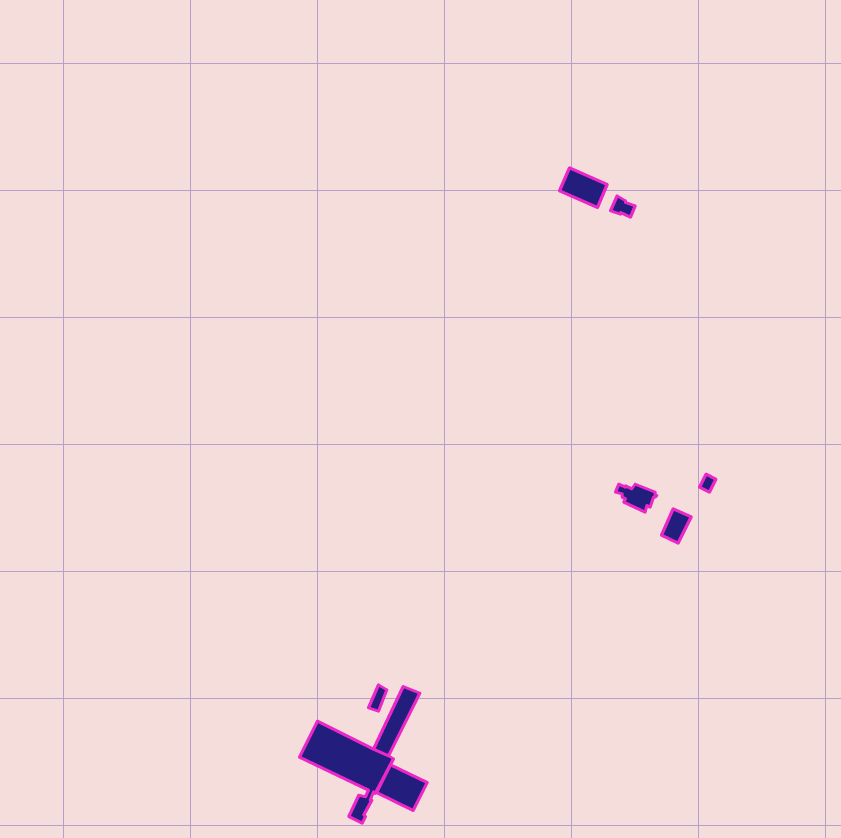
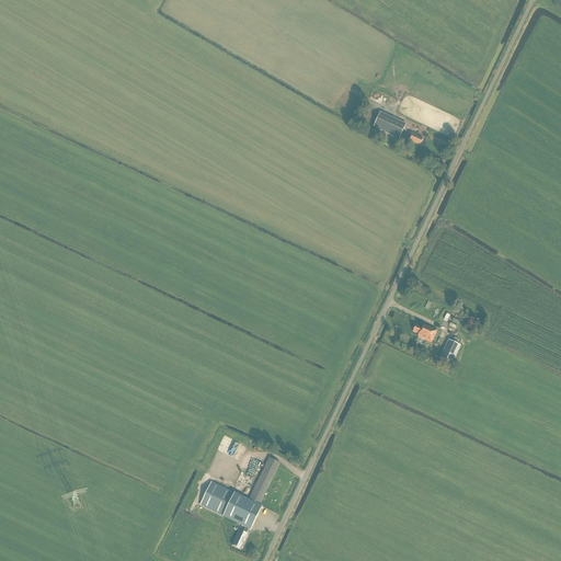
building: [377,765,427,810] -> none

